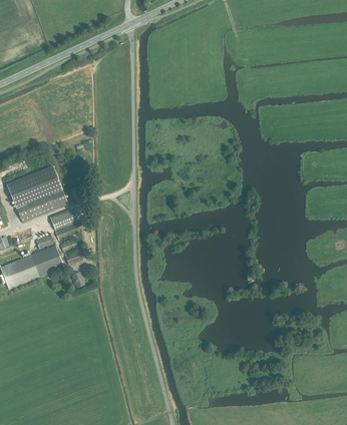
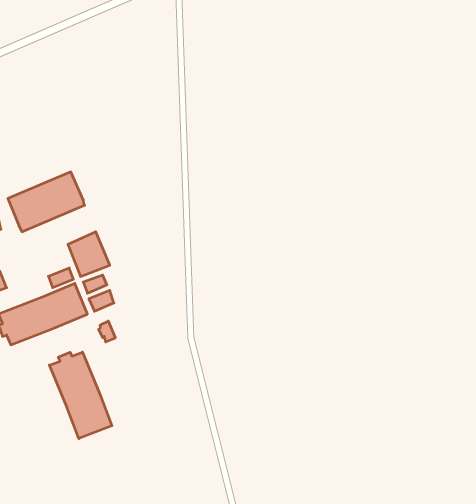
building: [16,185,81,222] -> none
building: none -> [49,352,112,439]

